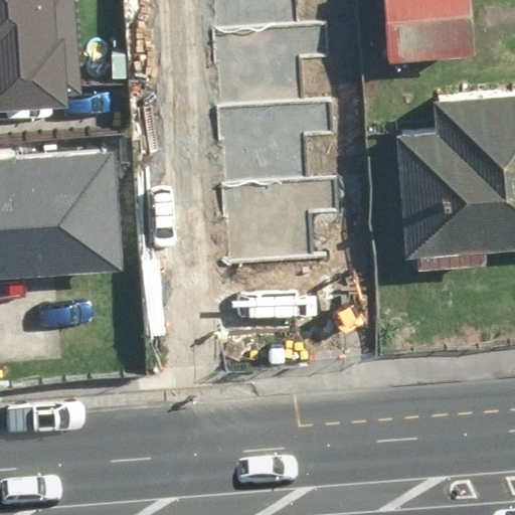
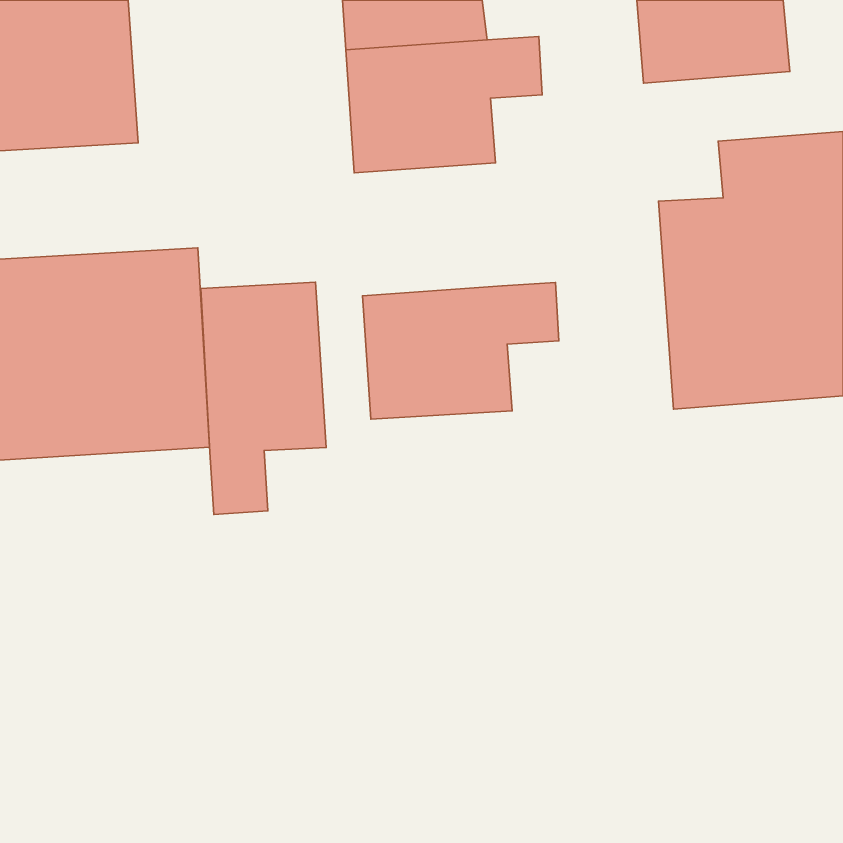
building: [214,101,333,183] -> none
building: none -> [201,282,326,515]

